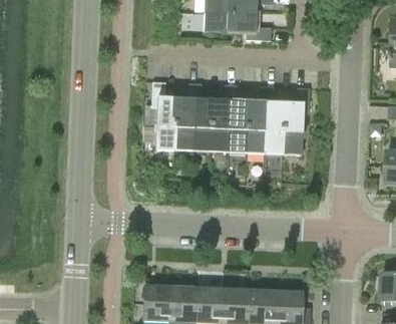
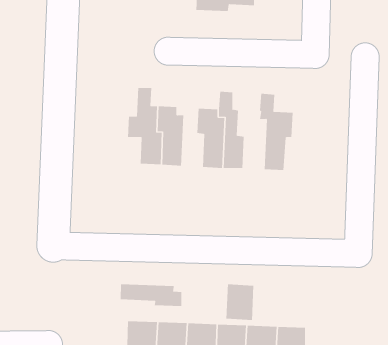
building: [203,7,272,39] -> none
building: [187,82,211,150] -> none
building: [282,87,310,154] -> none
building: [241,100,266,152] -> none
building: none -> [120,284,182,307]
building: none -> [226,284,254,321]

